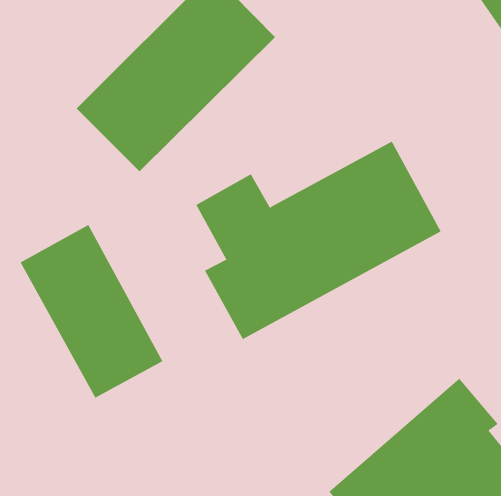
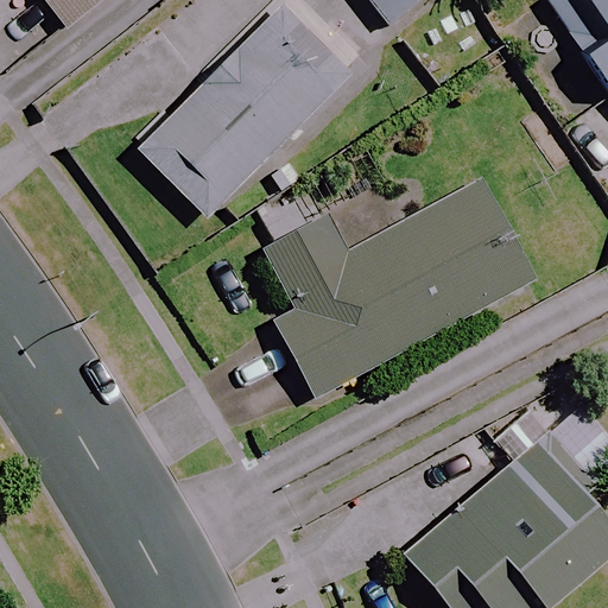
building: [20,224,163,398] -> none

